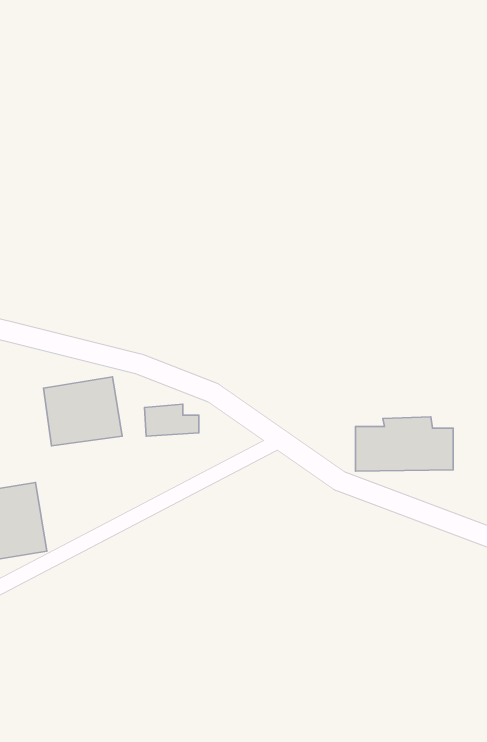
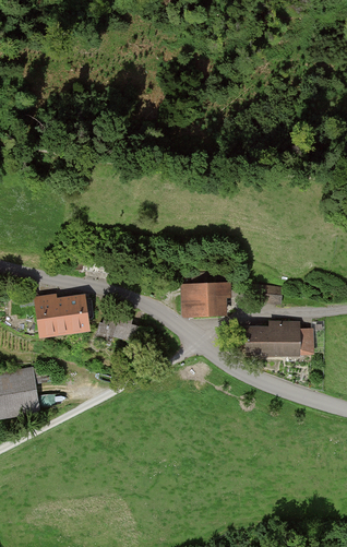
building: none -> [179,281,228,317]

